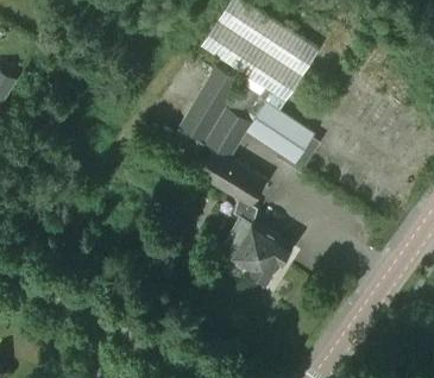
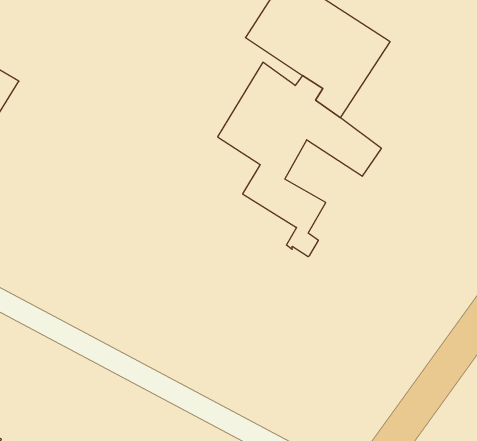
building: [220,218,290,282] -> none

